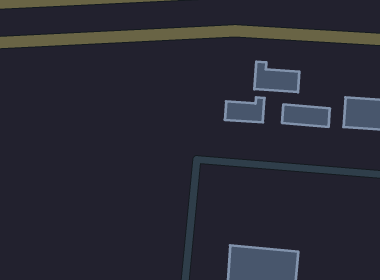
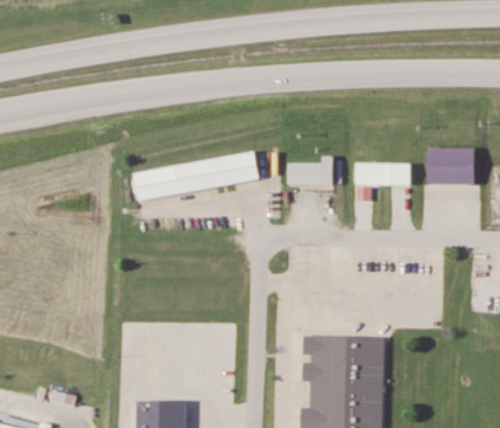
building: [254,62,299,92] -> none
building: none -> [132,153,258,200]

